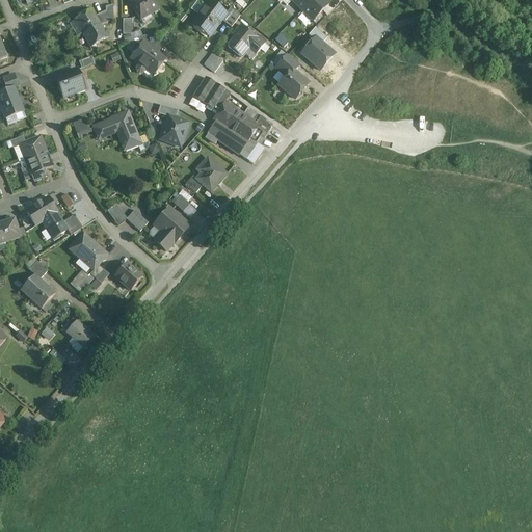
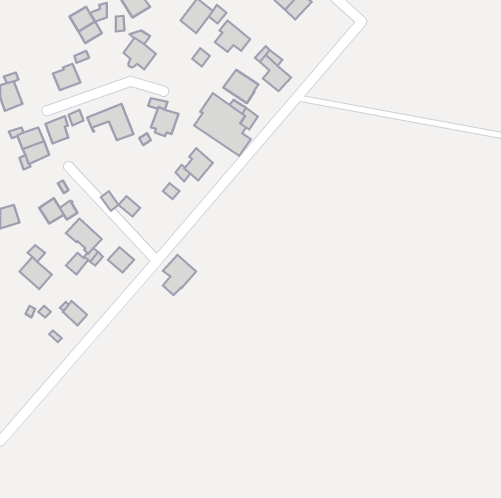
building: [300,26,337,70] -> none
building: [192,76,230,111] -> [223,70,259,103]
building: none -> [45,116,68,144]
building: [26,195,57,224] -> none
building: [154,207,189,249] -> [163,255,196,295]

